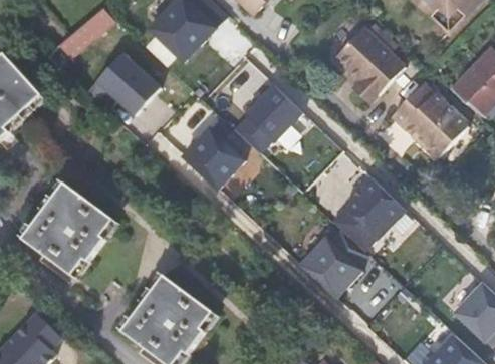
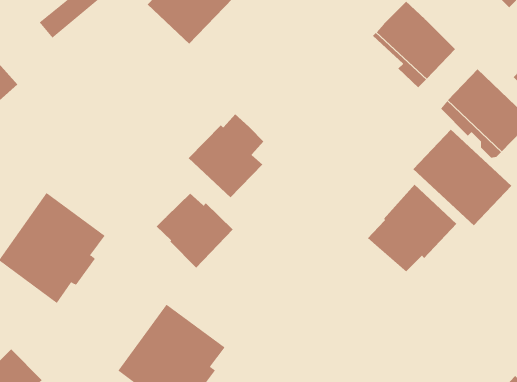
building: [85,53,159,115] -> none
building: [233,83,301,152] -> none
building: none -> [412,129,512,226]
building: none -> [156,193,234,269]
building: [298,230,367,299] -> none

